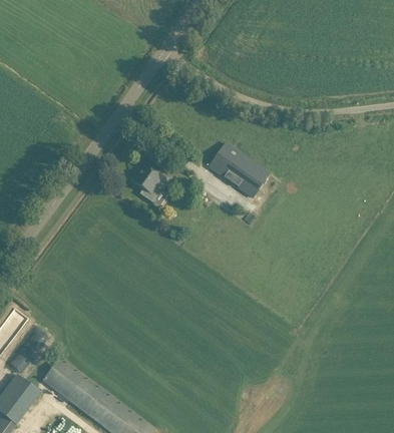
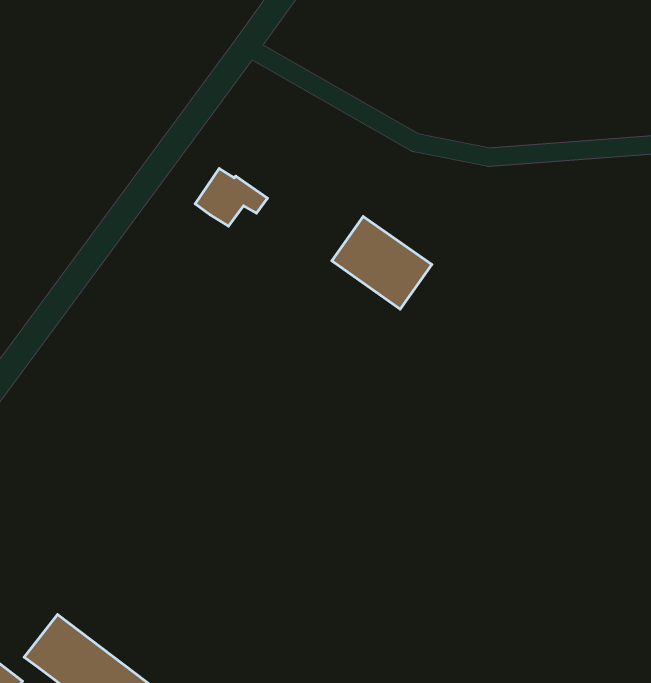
building: [134,163,173,194] -> [195,169,267,226]

